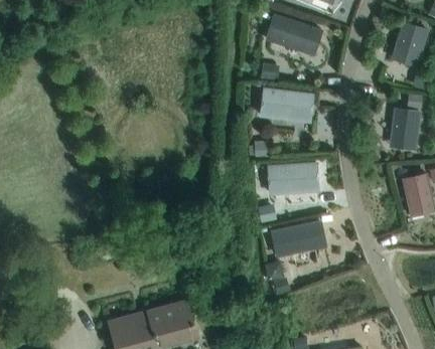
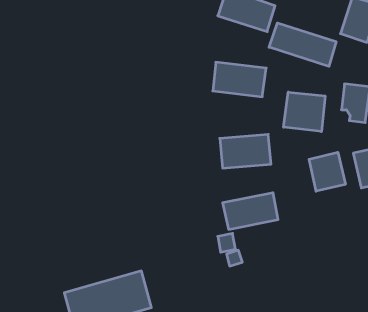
building: none -> [269,23,336,66]
building: none -> [284,92,325,132]
building: none -> [309,152,345,191]

